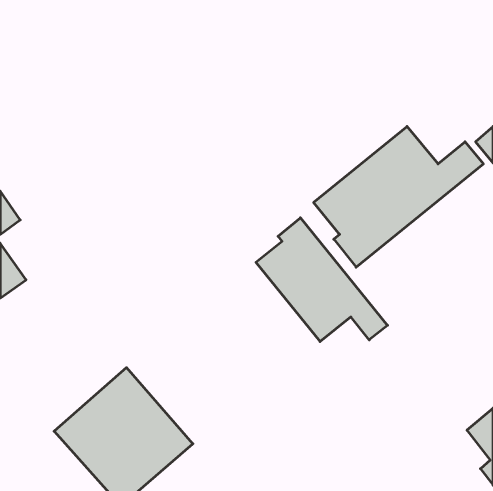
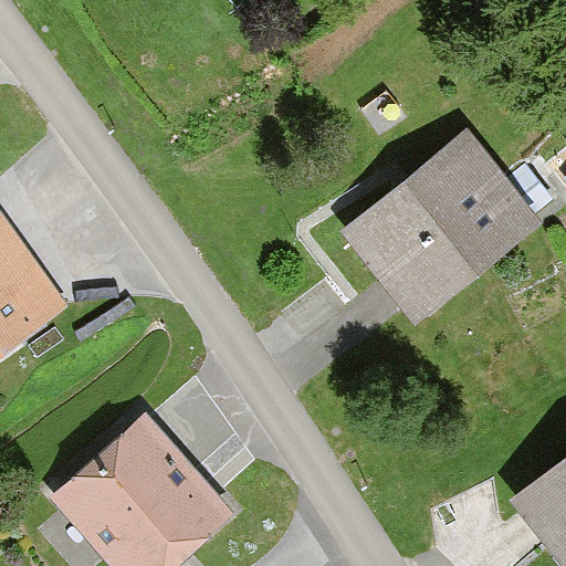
building: [256,218,388,342] -> none

